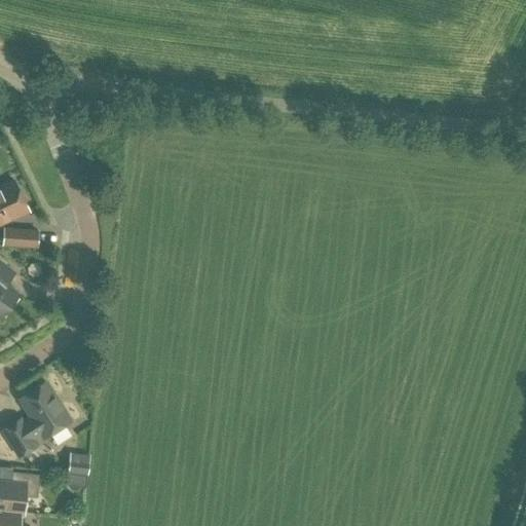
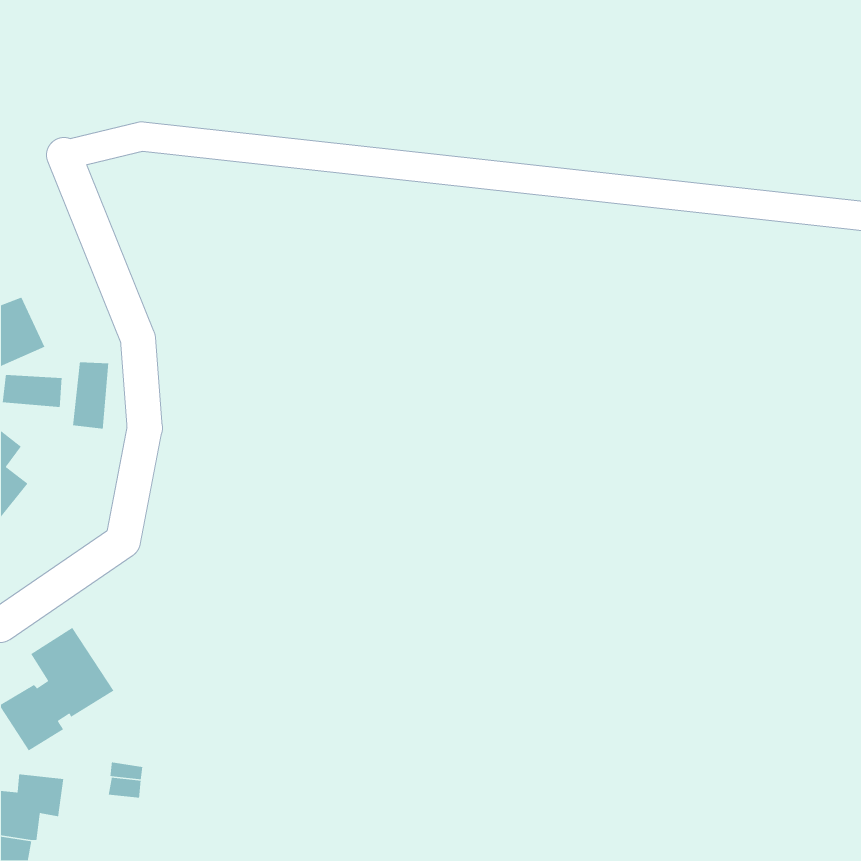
building: none -> [72,361,109,429]

